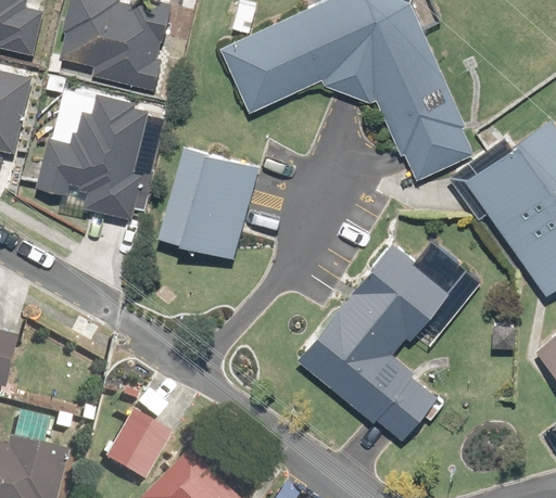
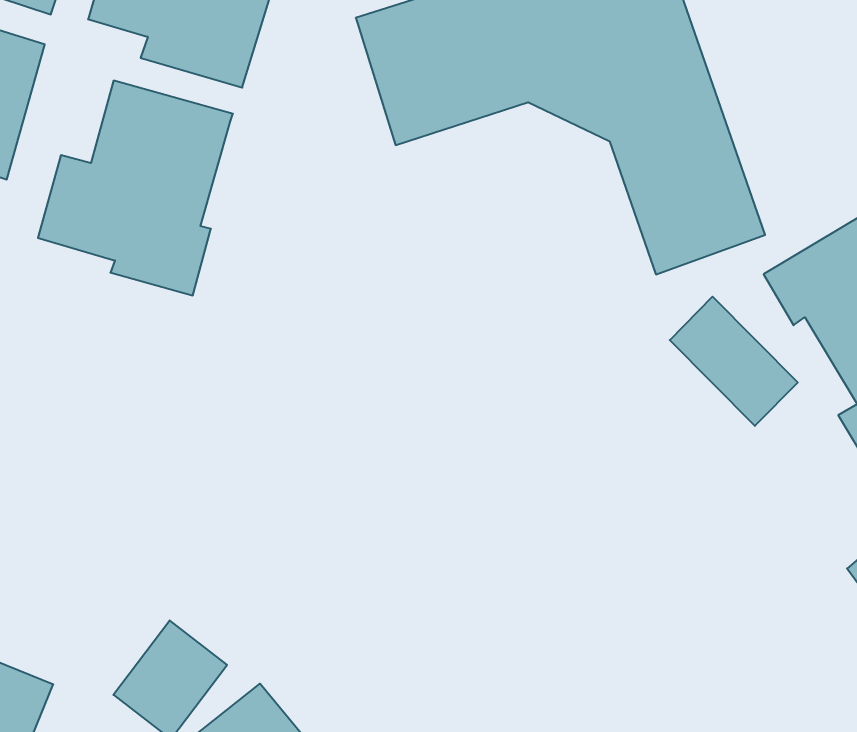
building: [157,149,261,263] -> none
building: none -> [670,297,798,426]
building: [294,245,445,447] -> none

